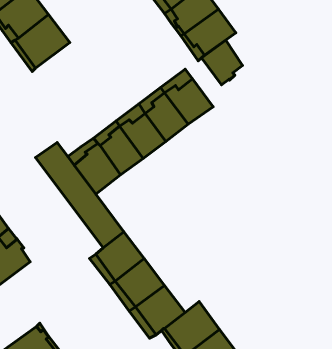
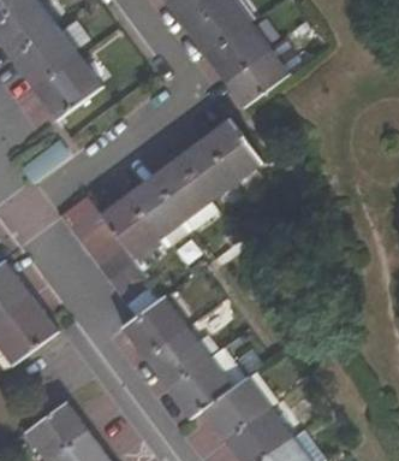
building: [202,40,242,85] -> none

